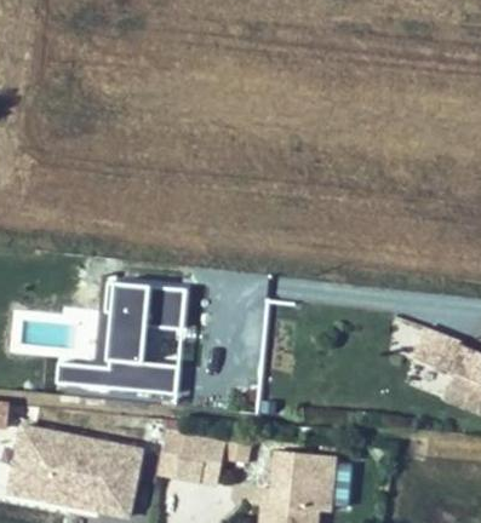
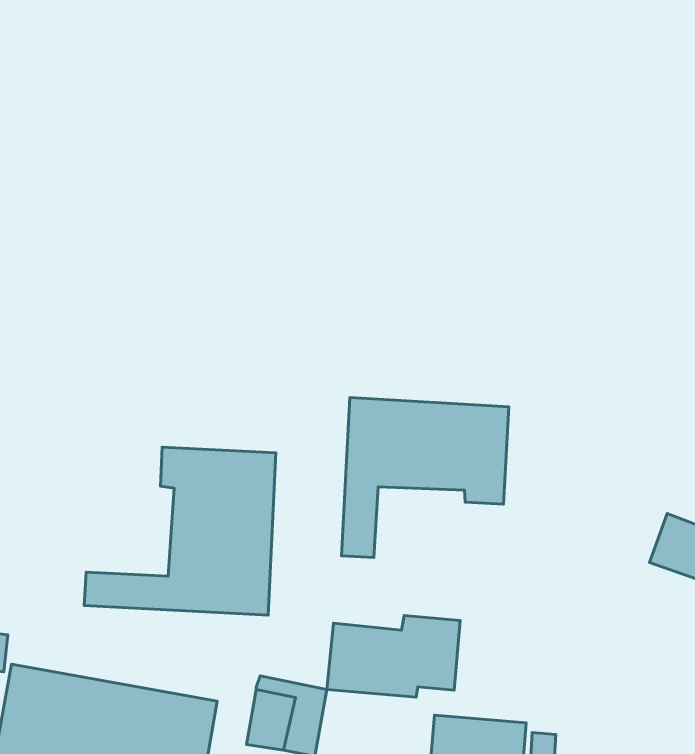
building: none -> [341,398,509,557]
building: none -> [327,615,460,697]

